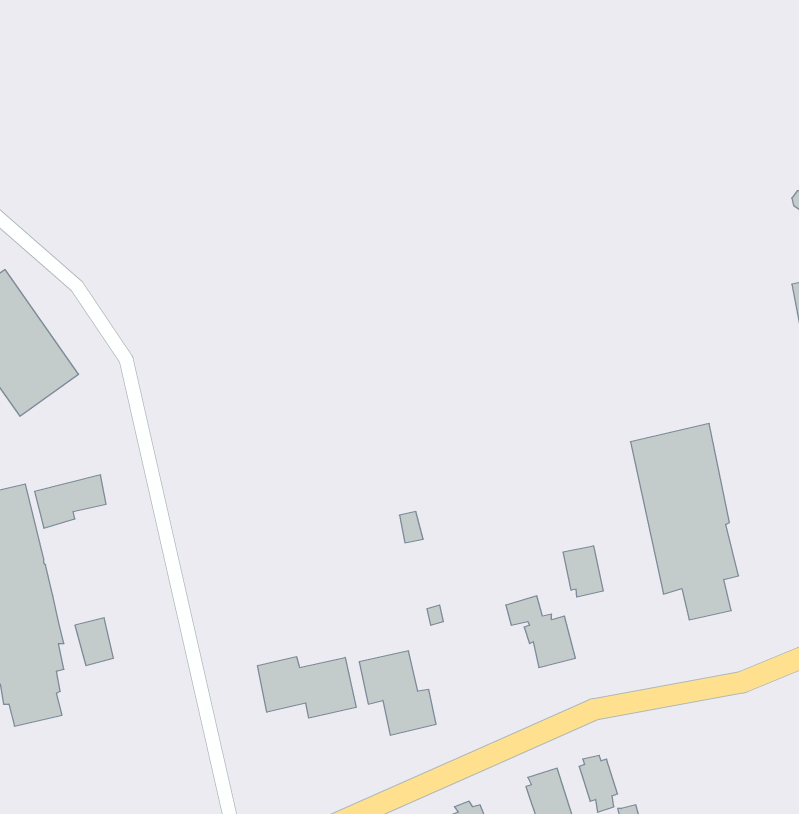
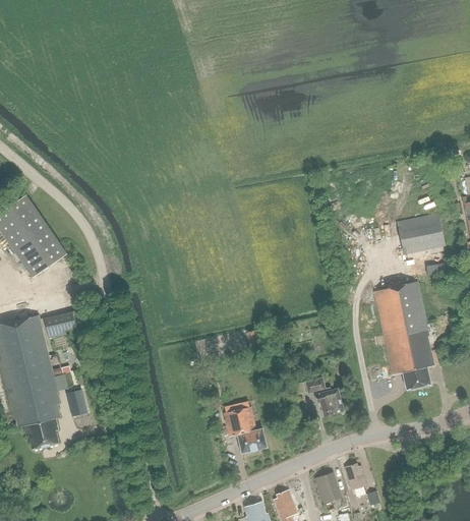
building: none -> [397,214,446,254]
building: [563,546,603,597] -> none
building: [258,657,356,718] -> none

